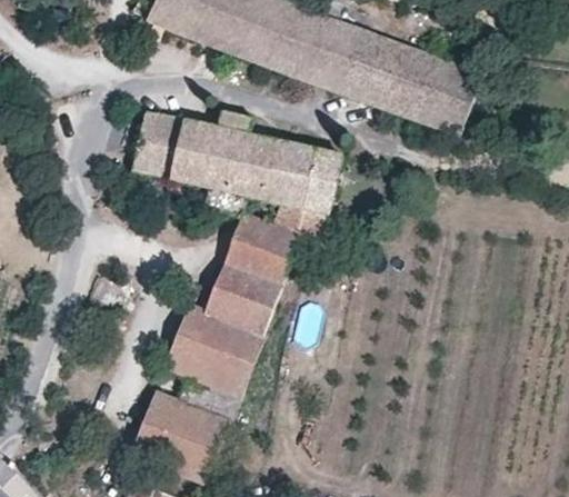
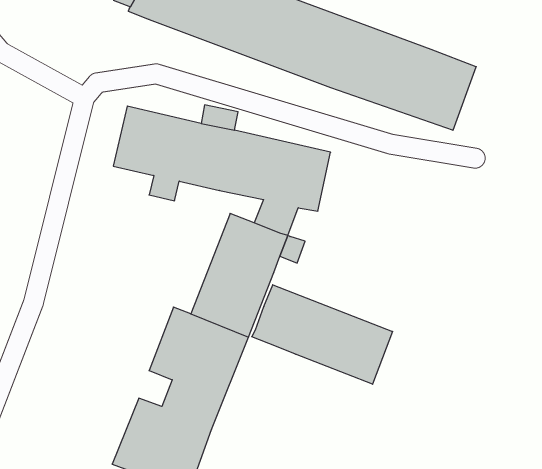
building: none -> [252,285,393,384]

